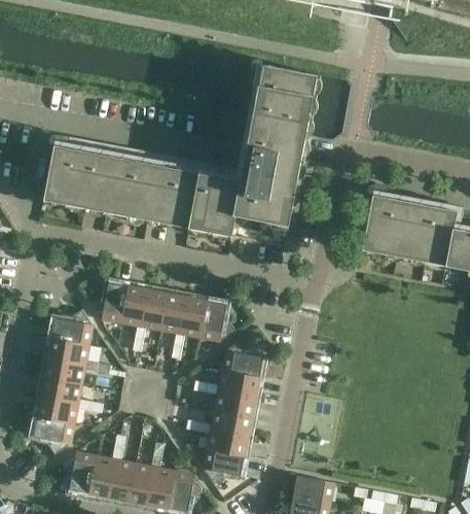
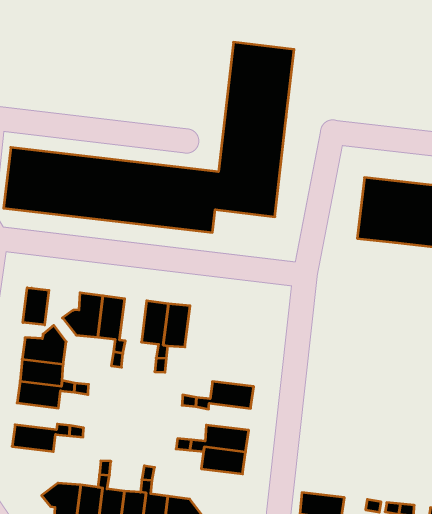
building: none -> [23,288,49,325]
building: [141,289,168,330] -> none
building: [200,300,236,341] -> none
building: [222,339,263,377] -> none
building: [41,377,81,404] -> none
building: [214,389,255,416] -> none
building: [33,416,74,454] -> none
building: [203,448,244,484] -> none

